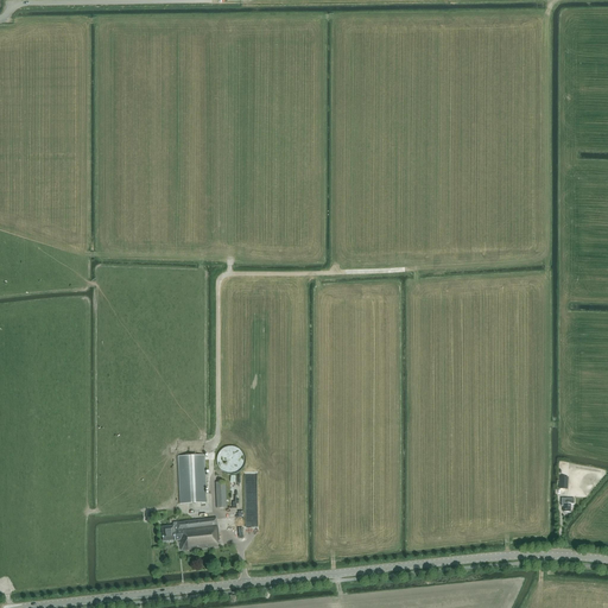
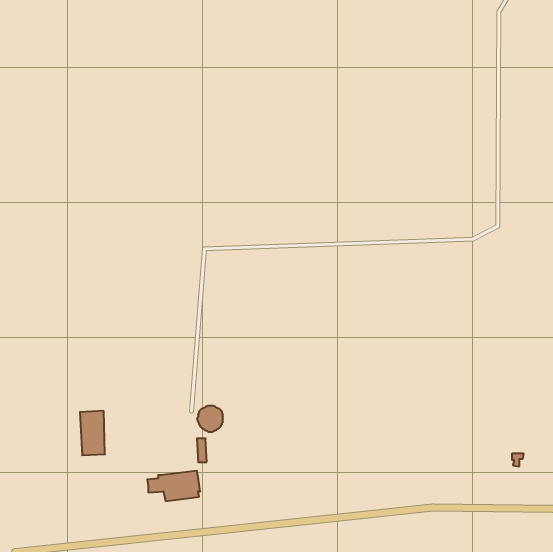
building: [178,455,205,504] -> [80,411,105,455]

